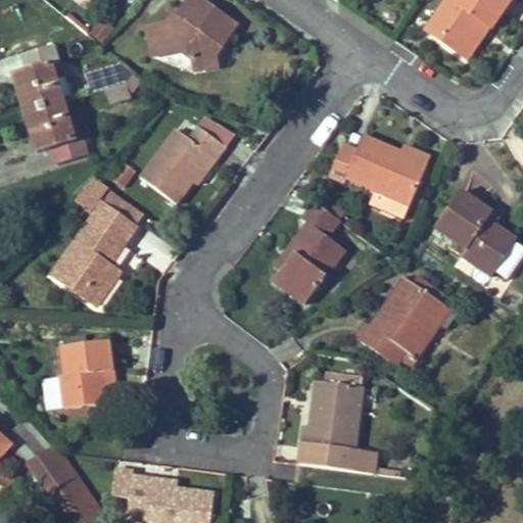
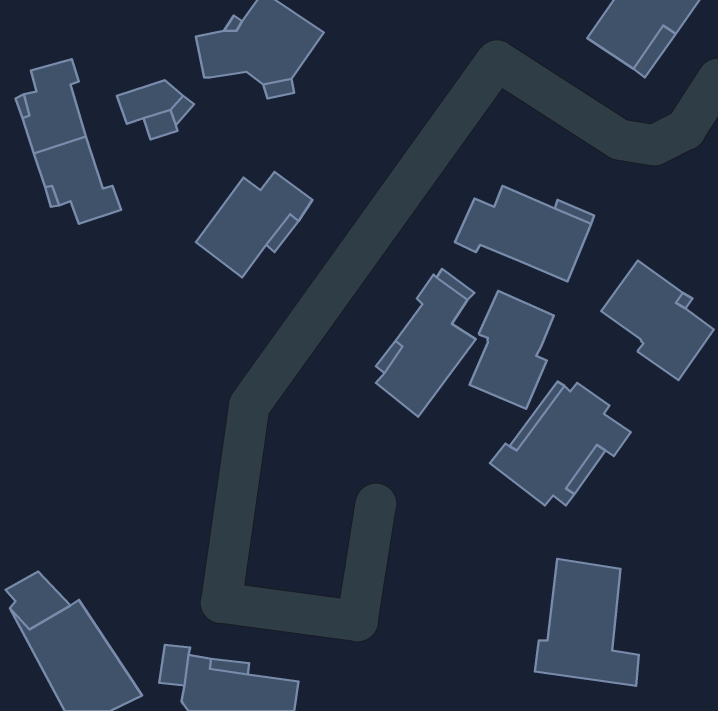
building: [47,171,145,302] -> none
building: none -> [470,291,554,409]
building: [61,338,112,407] -> none
building: [301,381,377,473] -> [535,559,639,686]

